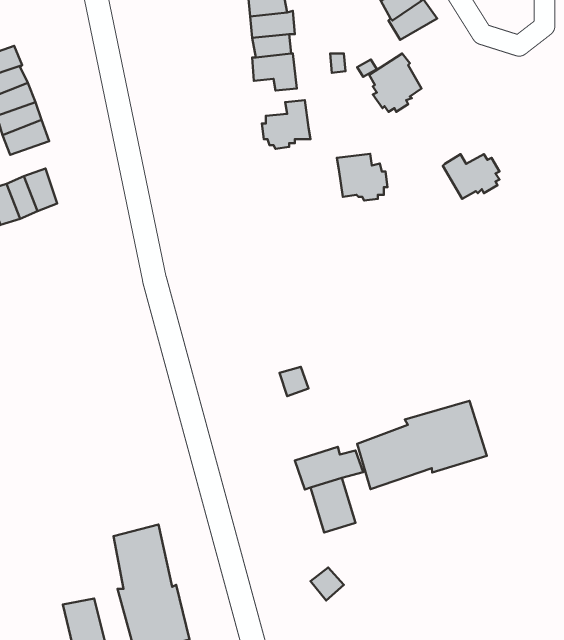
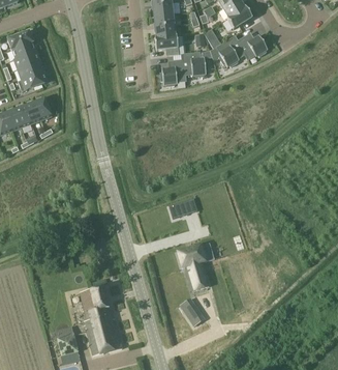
building: [337,154,388,201] -> [182,52,209,77]
building: [443,154,499,199] -> [238,35,268,59]
building: [357,401,487,489] -> none

